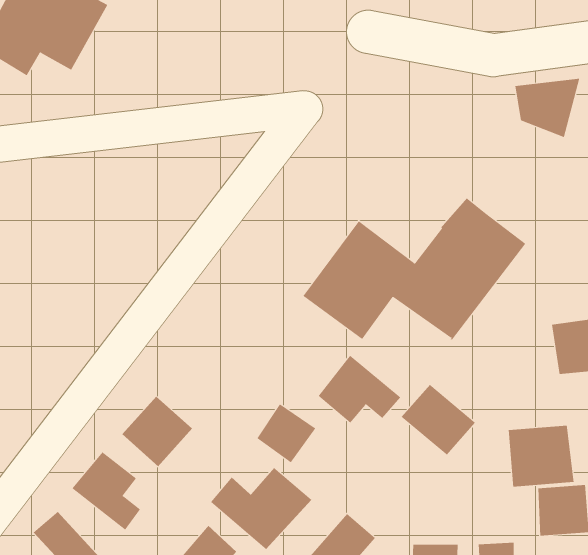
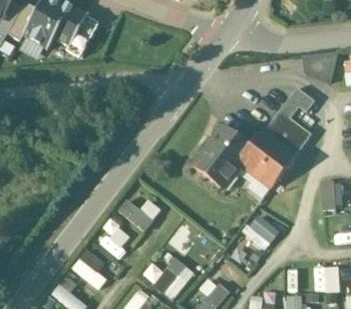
building: none -> [277,88,314,123]
building: [318,355,401,423] -> none
building: none -> [117,198,162,232]
building: [508,425,574,488] -> none

